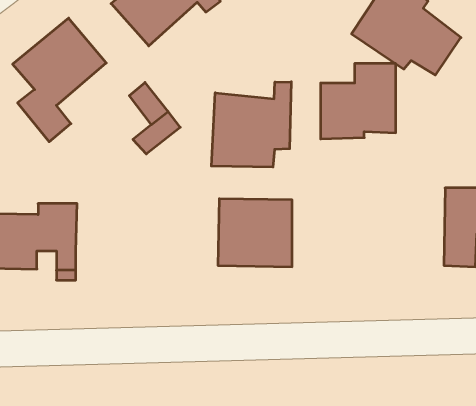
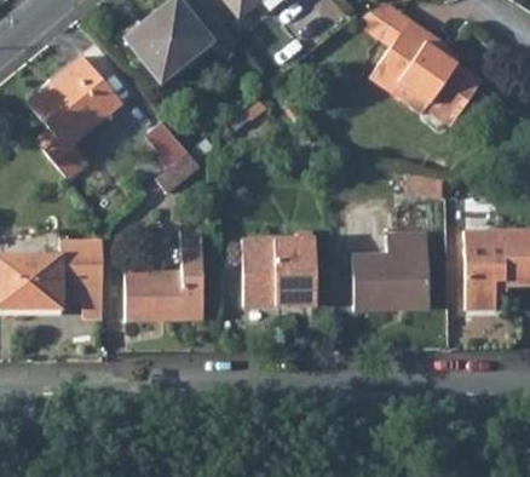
building: [321,64,396,139] -> [350,225,425,300]
building: [211,82,291,167] -> none
building: none -> [117,232,196,317]

